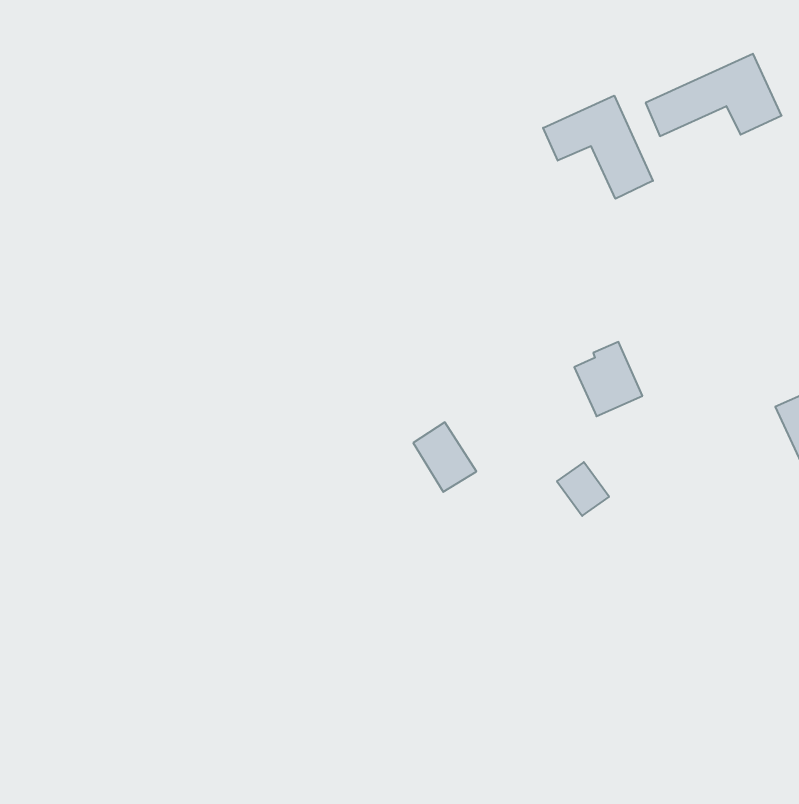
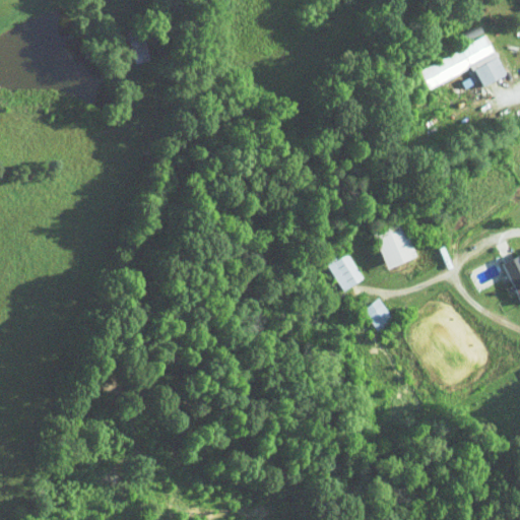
building: [543,96,653,199] -> none
building: [413,422,476,492] -> [326,249,367,294]

